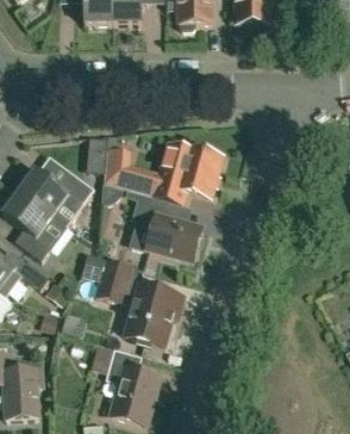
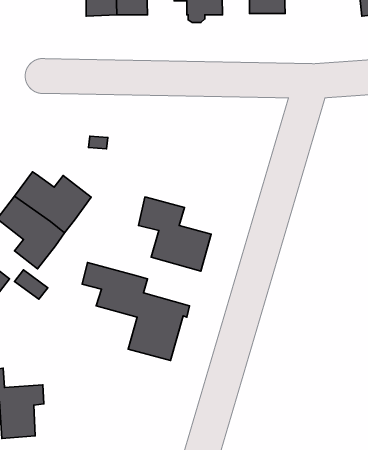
building: [105,144,220,204] -> none
building: [105,348,158,424] -> none

